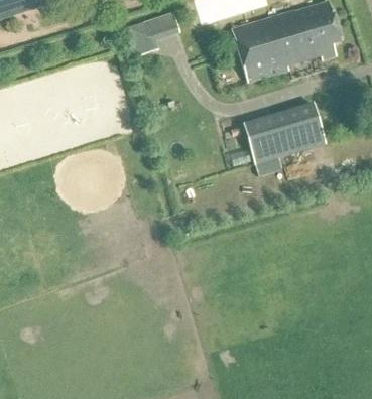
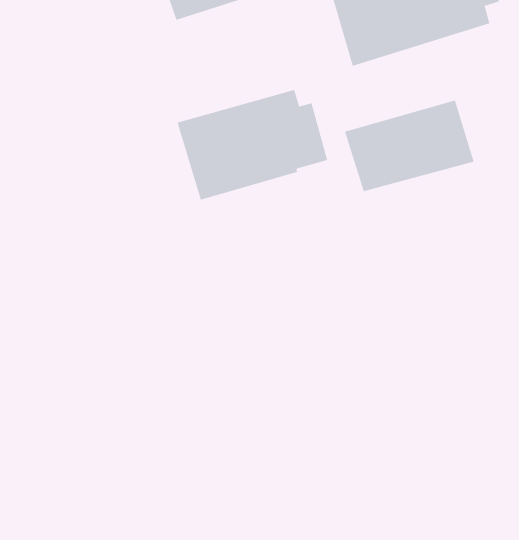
building: none -> [177,89,328,200]

